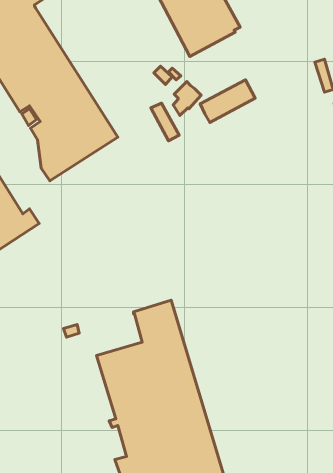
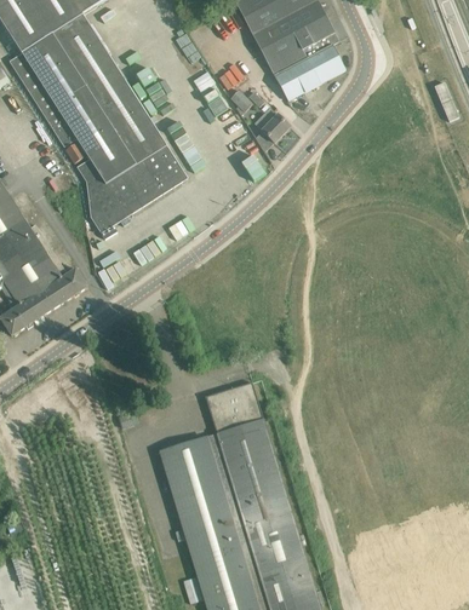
building: [200,80,255,122] -> [276,47,345,100]

